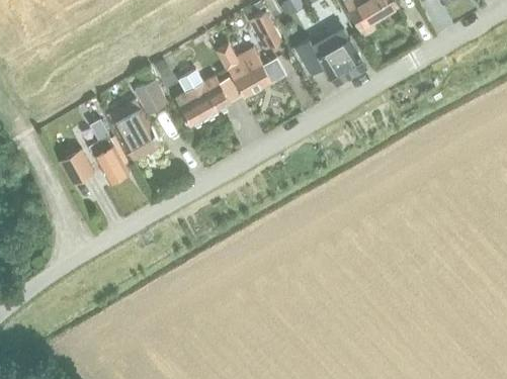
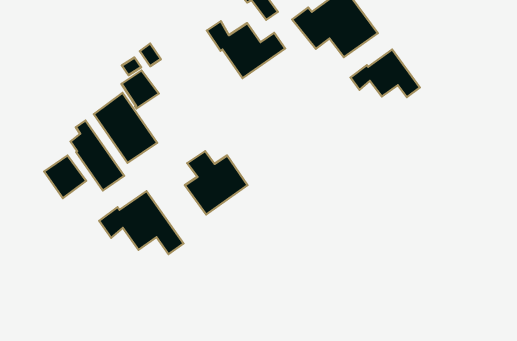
building: [175,70,231,126] -> [185,151,247,215]
building: none -> [350,50,420,97]
building: none -> [99,191,183,254]

